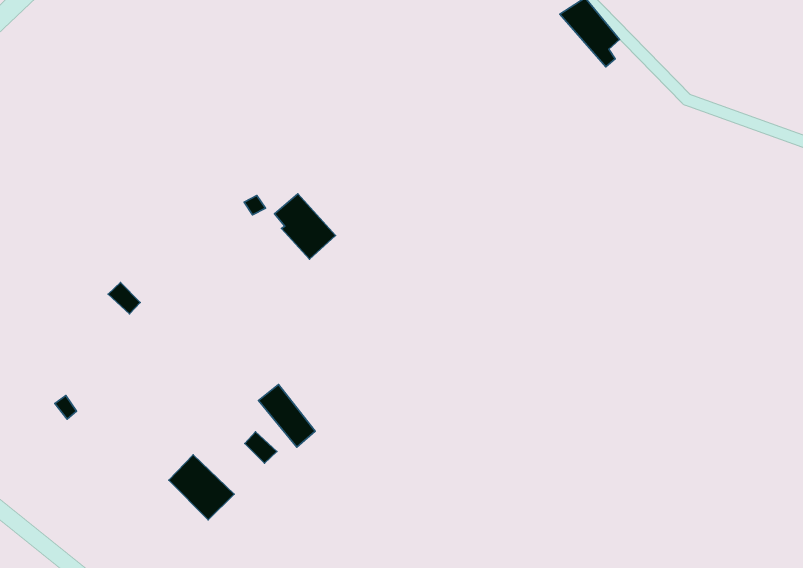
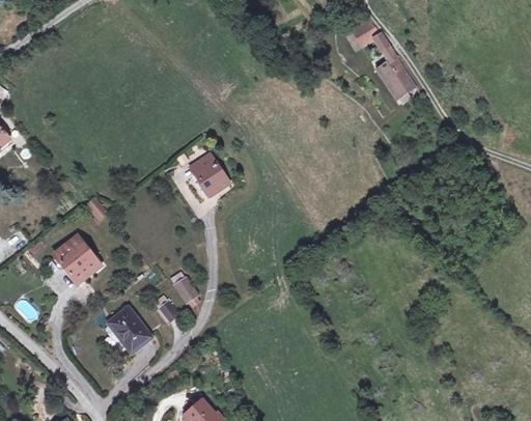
building: none -> [57,236,101,283]

